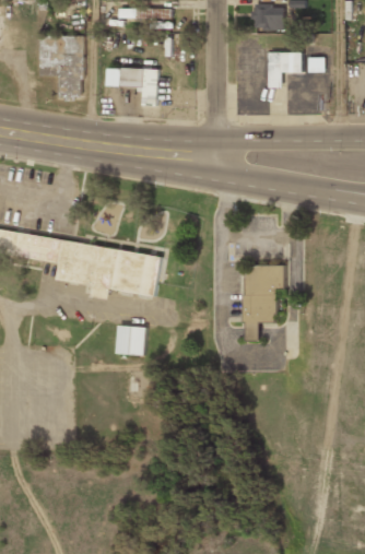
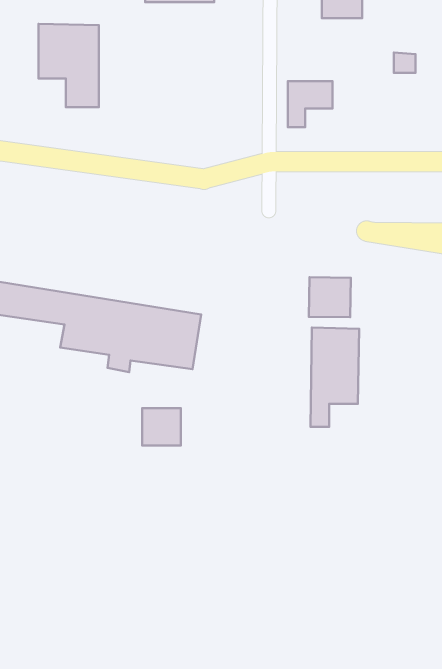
building: [268,51,302,86] -> [288,81,333,127]
building: [106,66,158,105] -> none
building: none -> [309,277,351,317]

